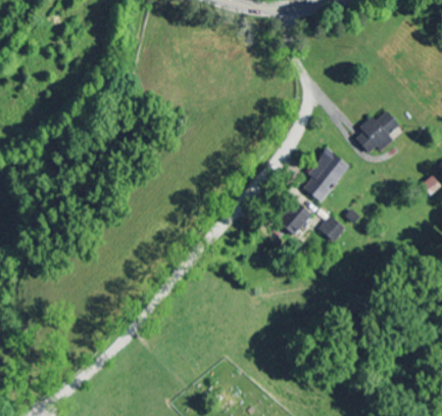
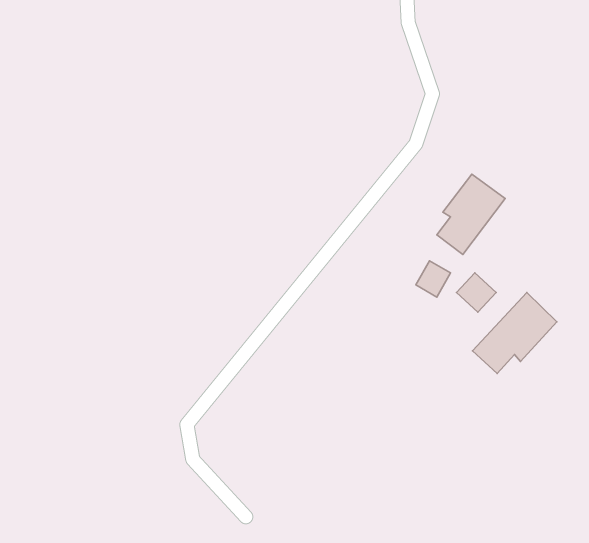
building: [354,110,401,152] -> none
building: none -> [473,293,557,373]

